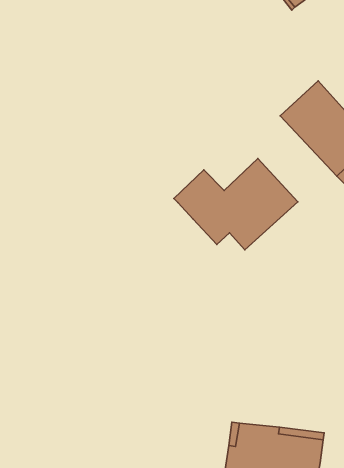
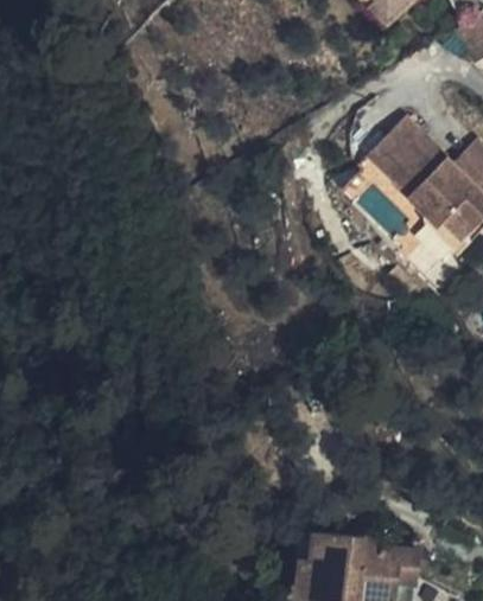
building: [174,159,298,250] -> none

